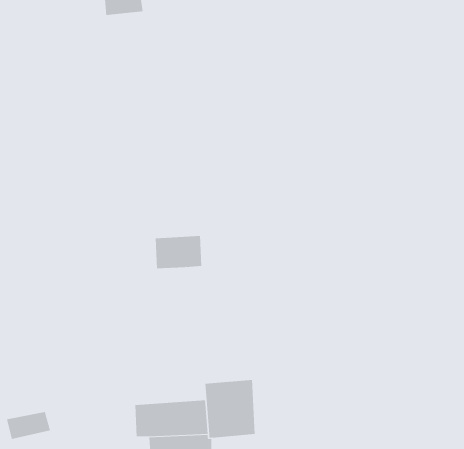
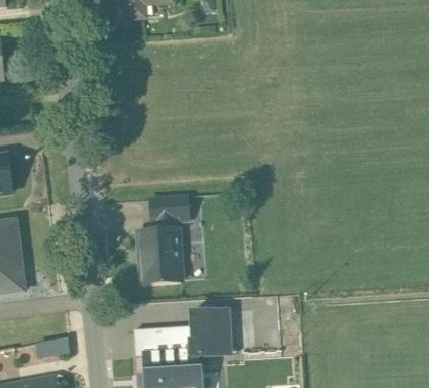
building: none -> [140,220,183,282]

